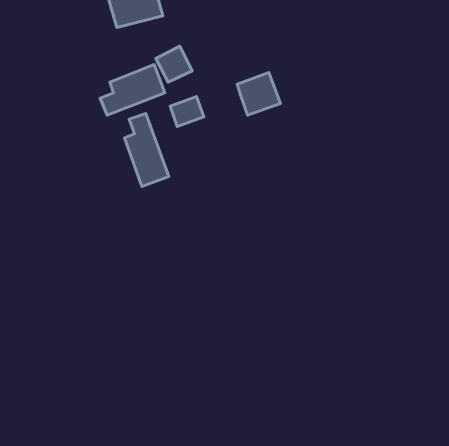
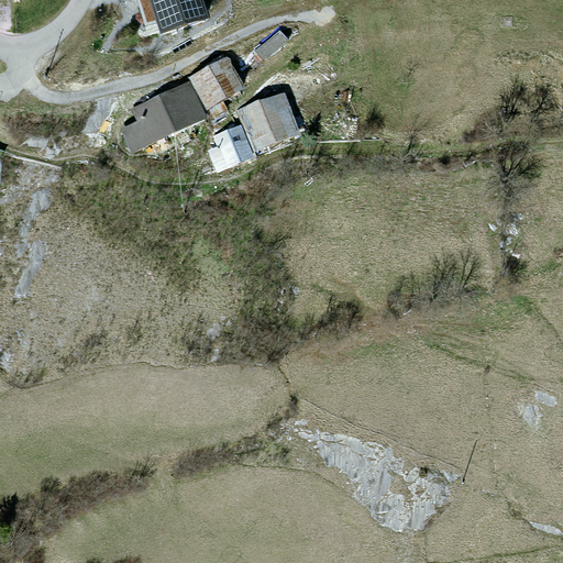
building: [237,73,280,115] -> [244,92,298,145]
building: [125,114,169,187] -> none

